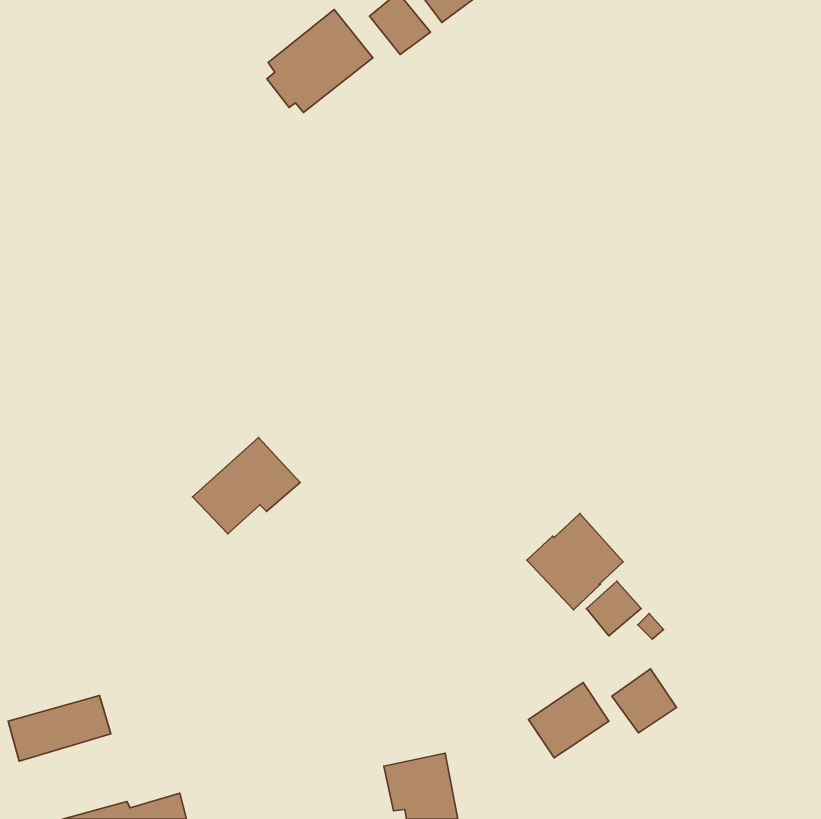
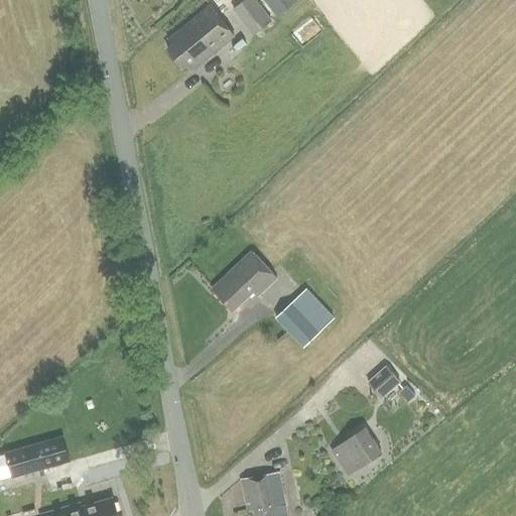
building: [193,438,300,534] -> [210,251,277,311]
building: [527,514,623,610] -> [274,288,335,349]
building: [612,669,677,733] -> none

